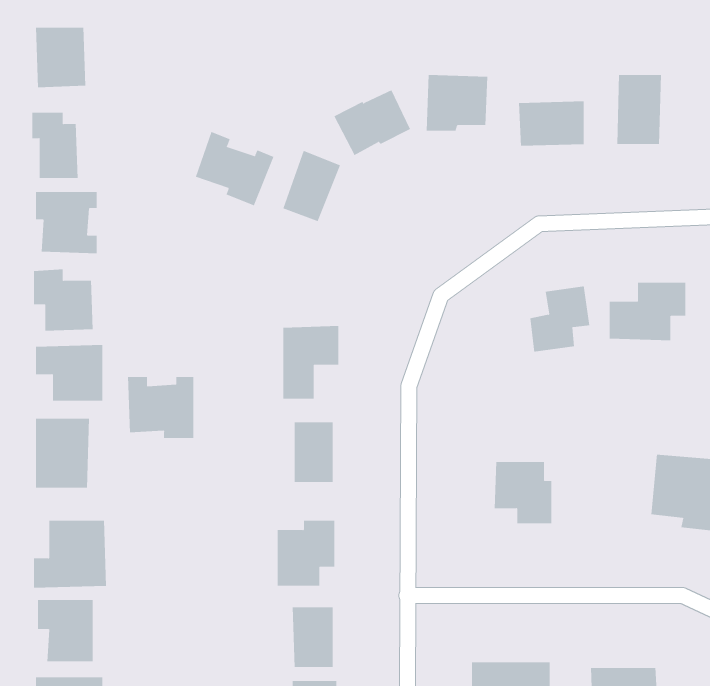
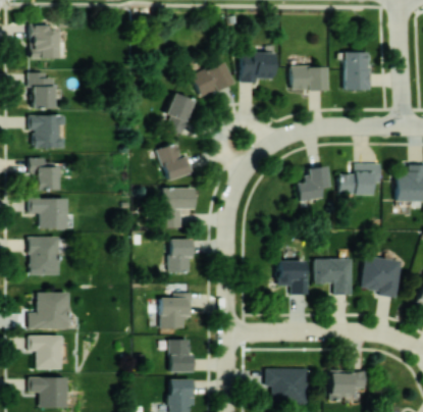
building: [195,131,274,206] -> none
building: none -> [158,144,194,181]
building: [127,376,194,439] -> none
building: none -> [314,259,352,296]

